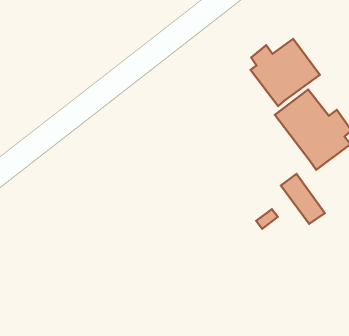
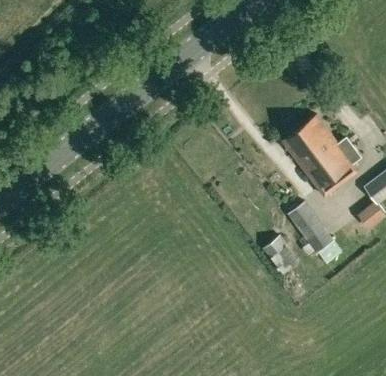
building: [251,39,320,106] -> none

